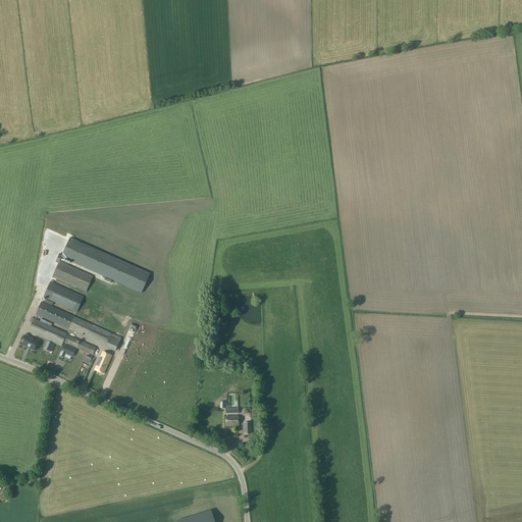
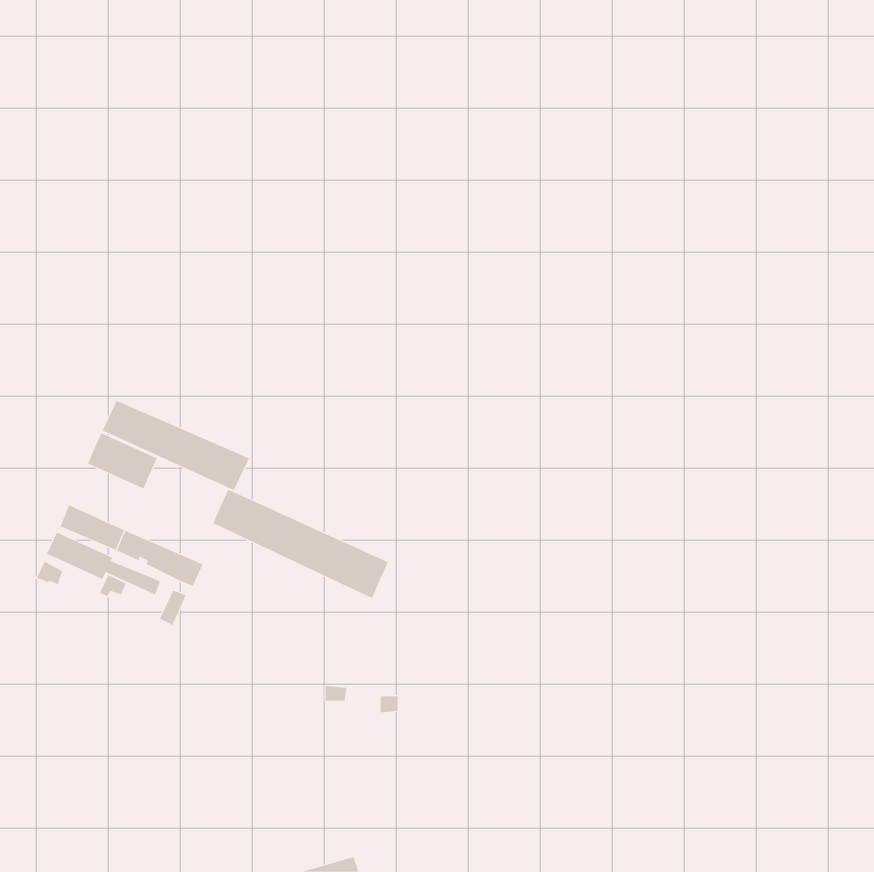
building: [43,280,84,311] -> none
building: none -> [213,489,388,599]

